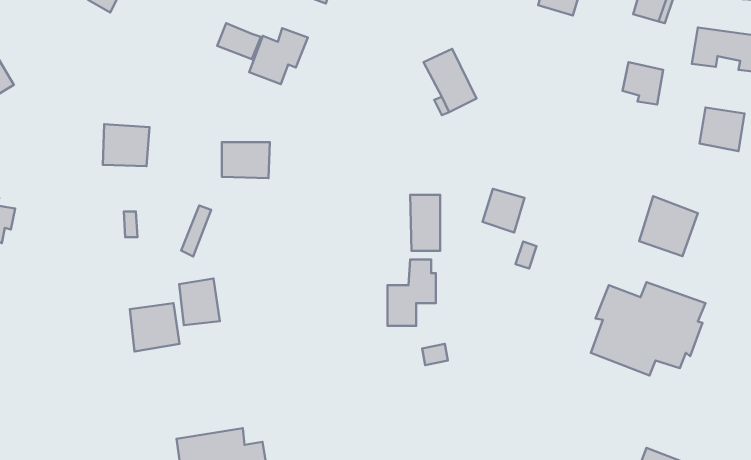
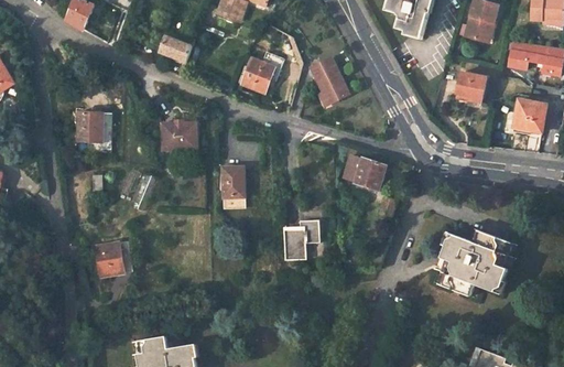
building: [249,28,308,84] -> [242,53,285,94]
building: [410,195,440,251] -> [223,174,245,215]
building: [639,196,698,256] -> none
building: [179,279,220,325] -> none

